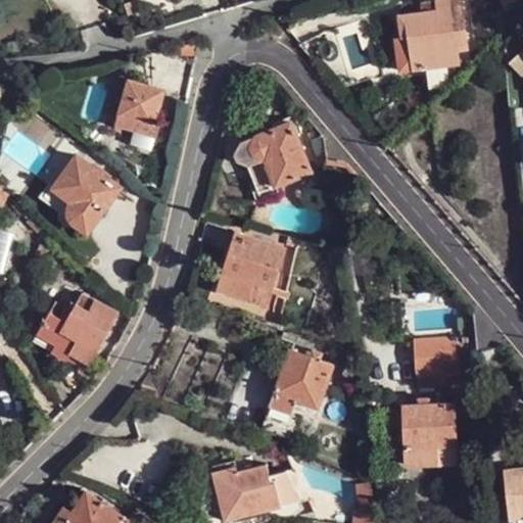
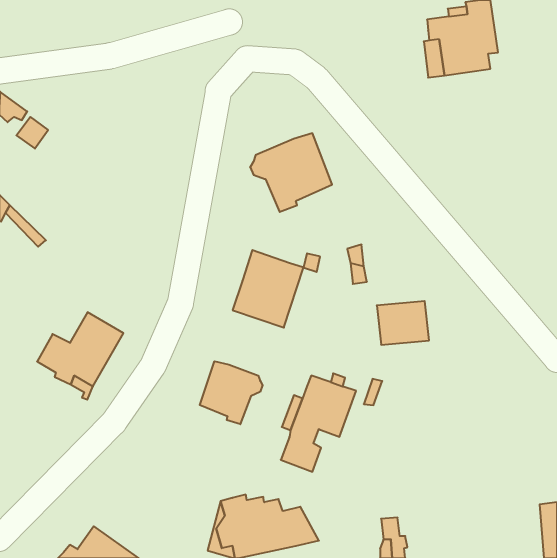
building: [115,80,163,147] -> none
building: [38,153,121,232] -> none
building: none -> [200,361,263,424]
building: [414,338,463,379] -> [377,301,429,345]
building: [405,399,457,466] -> none

